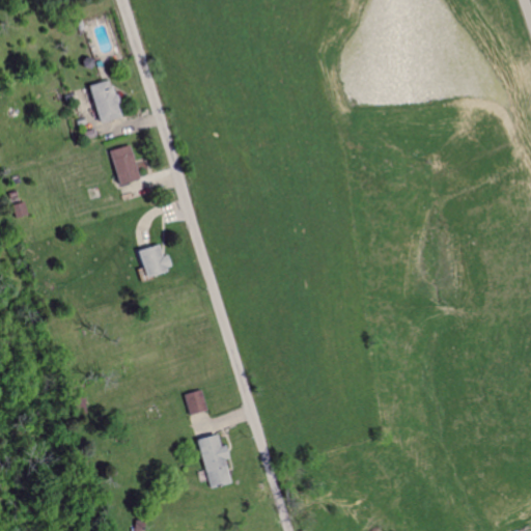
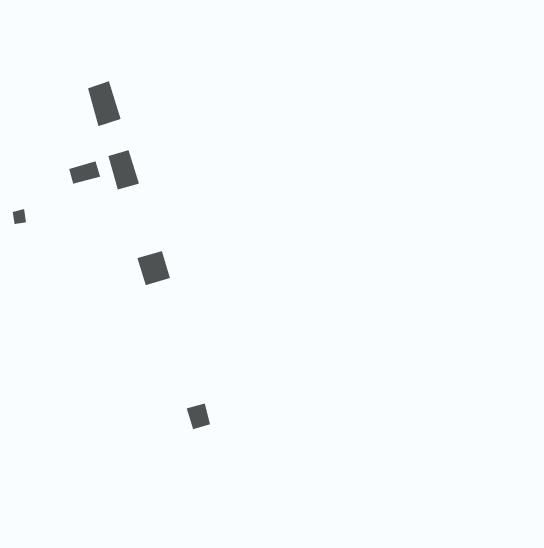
building: none -> [69,160,101,185]
building: [197,434,231,490] -> none

